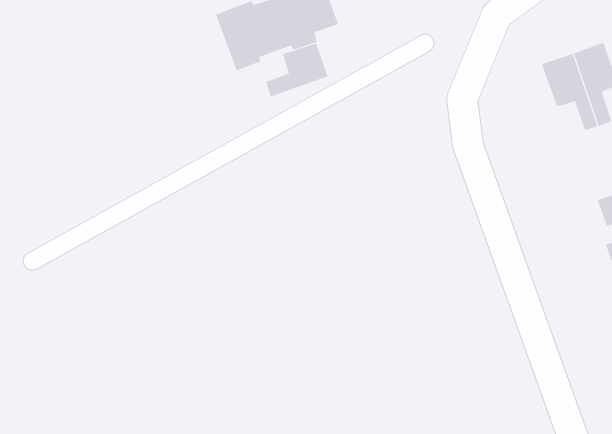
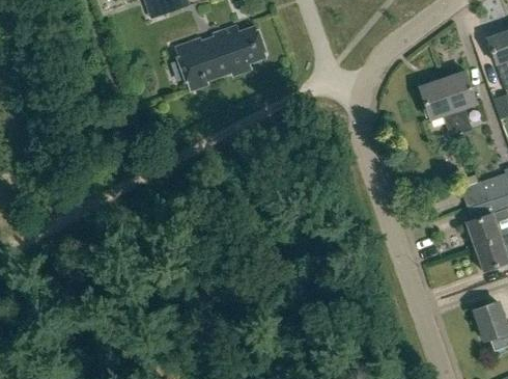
building: [266,43,328,97] -> none

